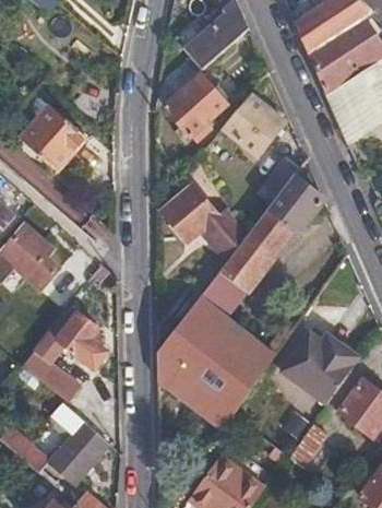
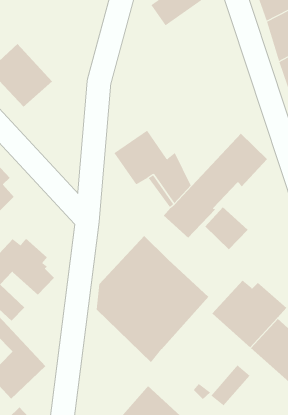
building: [163,73,228,138] -> none
building: [220,93,287,158] -> none
building: [201,272,248,318] -> [205,207,248,250]

